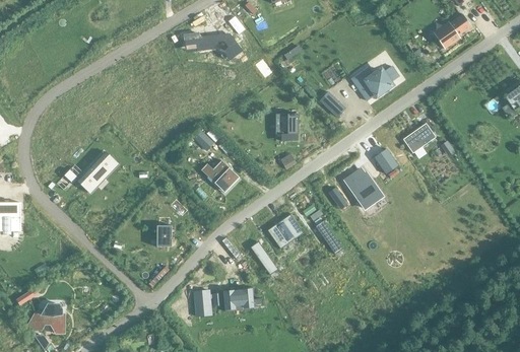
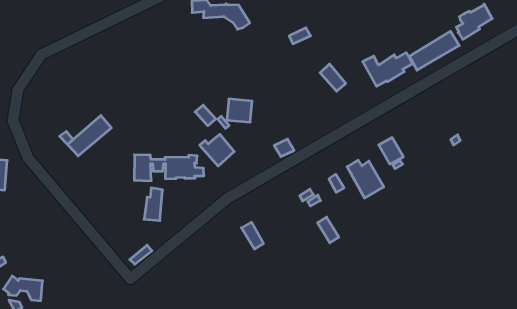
building: none -> [410,31,459,70]
building: [274,113,297,133] -> [227,99,252,122]
building: [402,122,435,151] -> none
building: [266,213,303,248] -> none
building: [193,286,261,314] -> [134,155,204,181]

